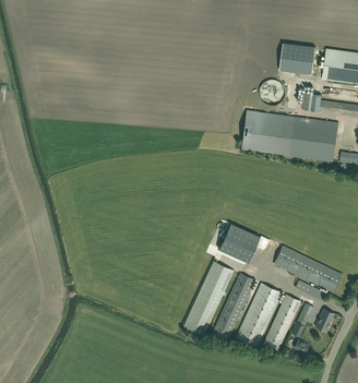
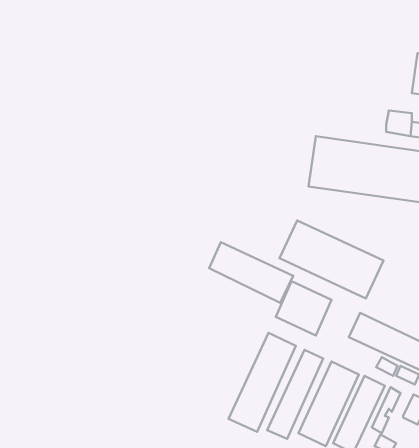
building: [278,43,314,74] -> none
building: none -> [280,220,383,298]
building: none -> [209,242,293,303]

